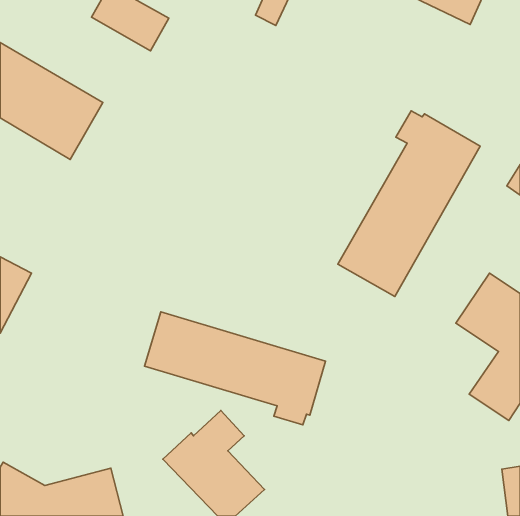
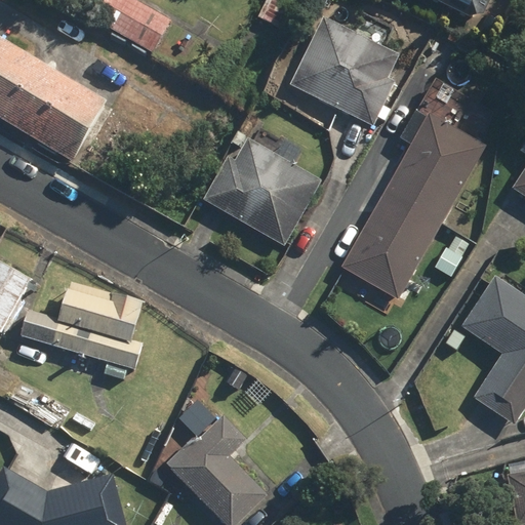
building: none -> [289,16,399,125]
building: none -> [202,127,321,245]
building: none -> [18,280,144,370]
building: [145,312,325,425] -> none

